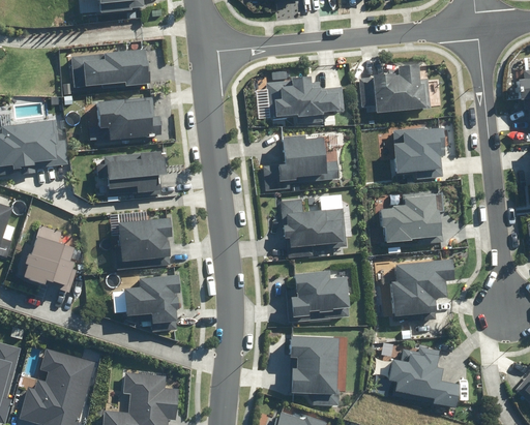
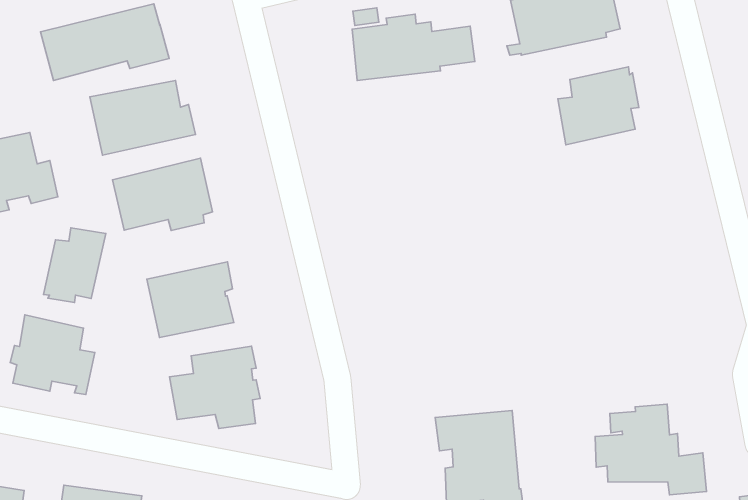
building: [277,134,338,182] -> none
building: none -> [43,228,106,303]
building: [379,194,442,243] -> none
building: [279,200,346,248] -> none
building: [390,261,452,316] -> none
building: [290,272,348,318] -> none

